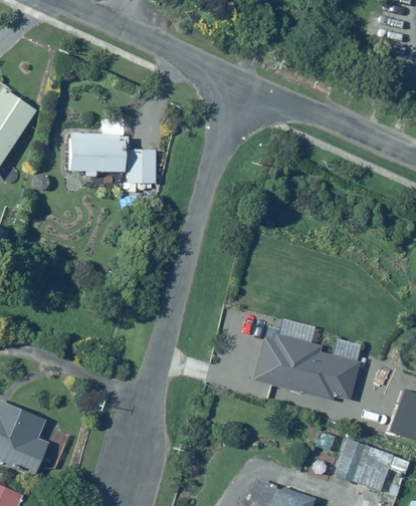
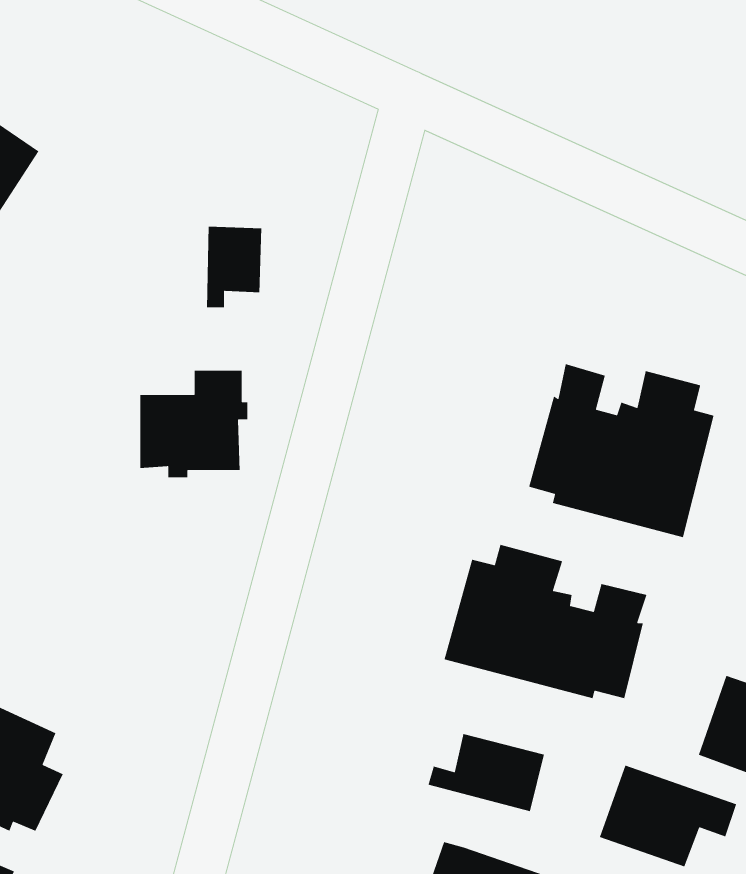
building: [69,118,128,177] -> [140,370,248,478]
building: none -> [528,363,715,538]
building: none -> [428,733,545,812]

